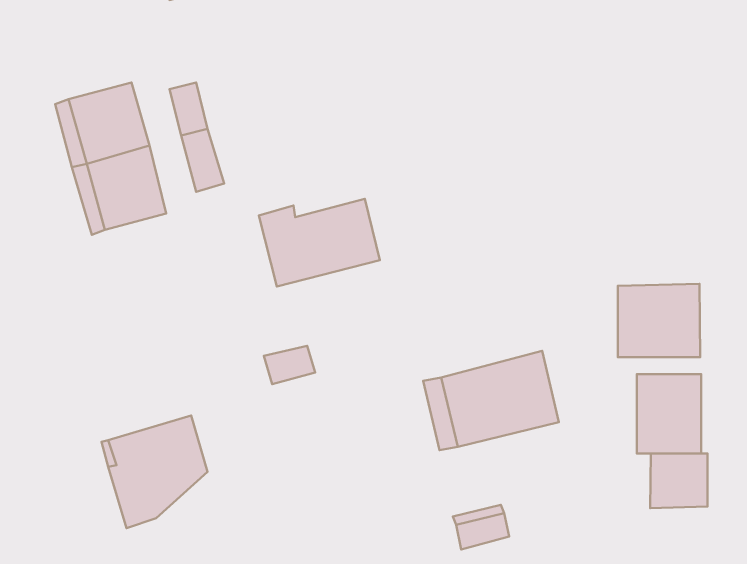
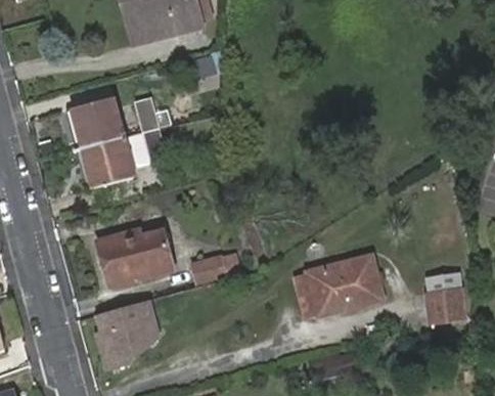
building: [259,199,380,287] -> [99,230,174,284]
building: [618,284,700,357] -> none
building: [650,454,708,508] -> none

